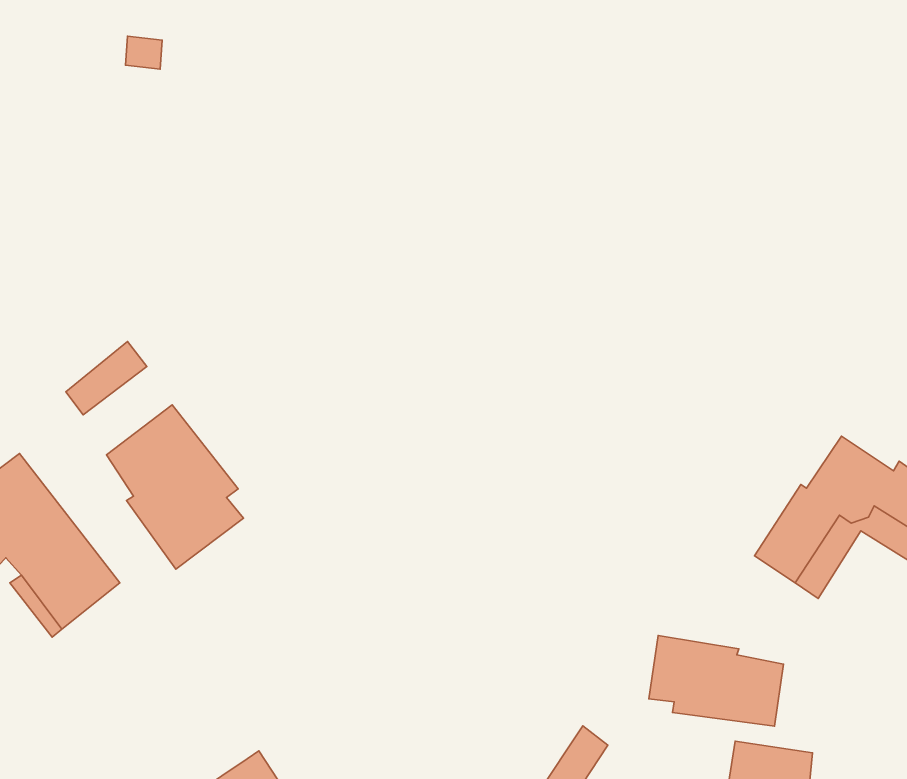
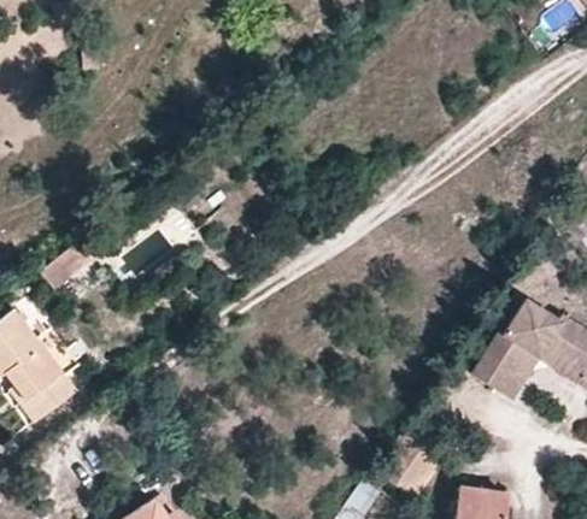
building: [107,405,243,569] -> none
building: [649,636,783,726] -> none

